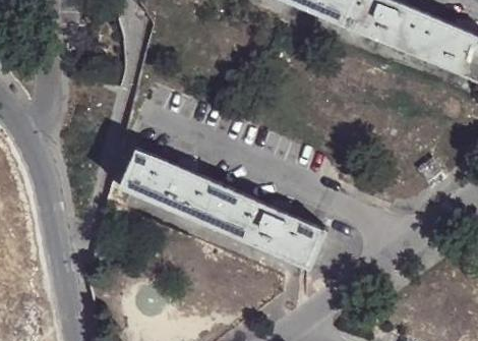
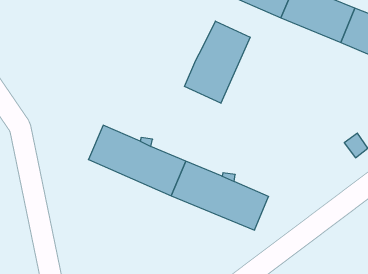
building: none -> [184,21,250,103]

